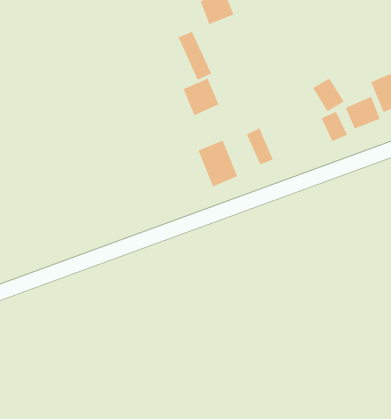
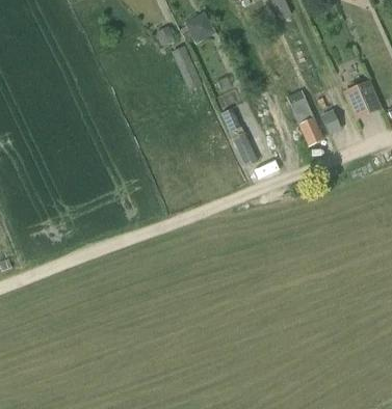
building: [182,77,219,116] -> none
building: [197,139,238,187] -> none

